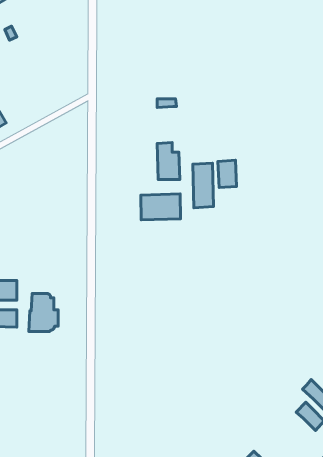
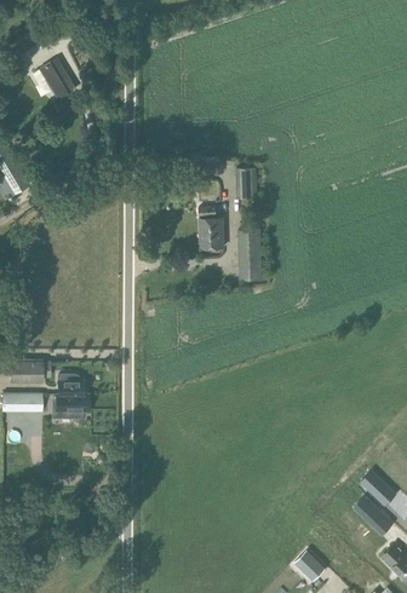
building: none -> [39,59,75,110]
building: [218,160,236,187] -> [236,168,257,198]
building: [141,194,180,220] -> none

